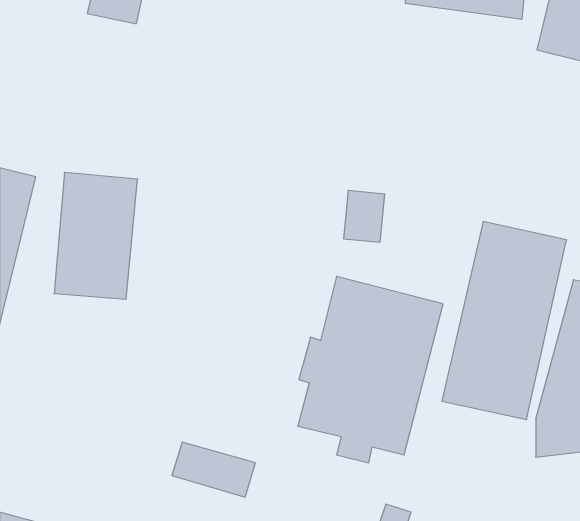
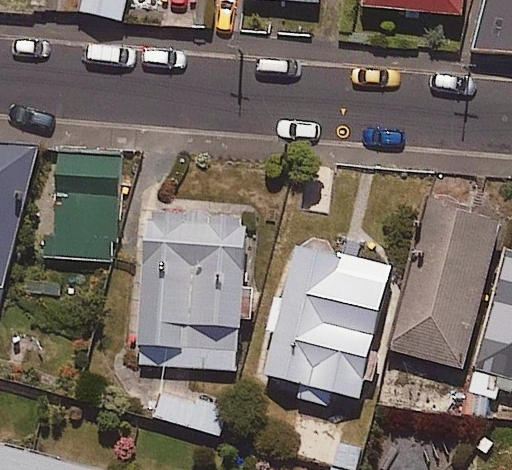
building: none -> [133,205,253,373]

